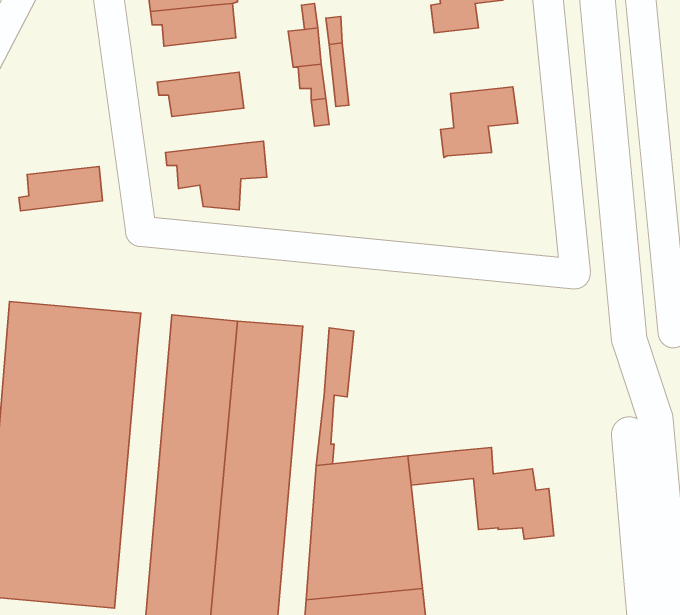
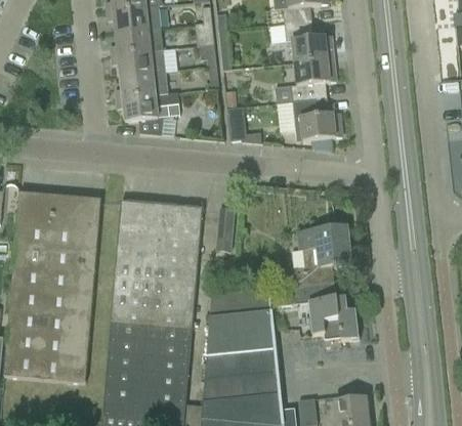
building: none -> [284,20,333,61]
building: none -> [110,27,162,54]
building: none -> [292,96,341,150]
building: none -> [226,105,246,140]
building: [19,166,103,211] -> [115,71,167,98]
building: none -> [293,226,350,285]

